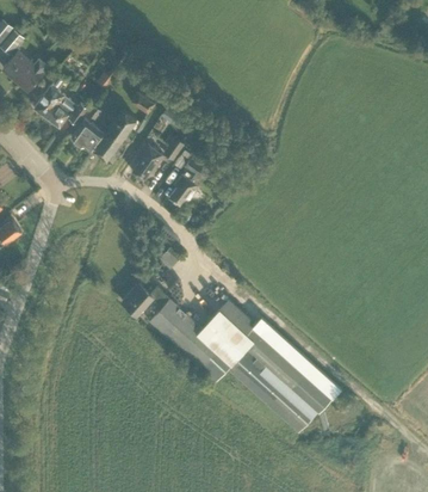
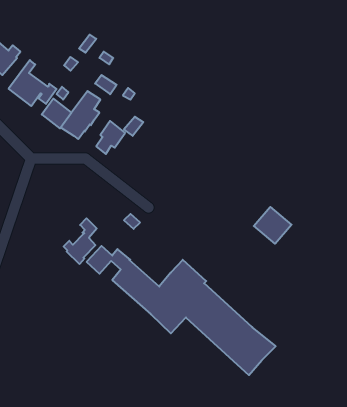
building: [168,158,209,205] -> none
building: none -> [254,207,292,244]
building: none -> [64,218,97,264]

